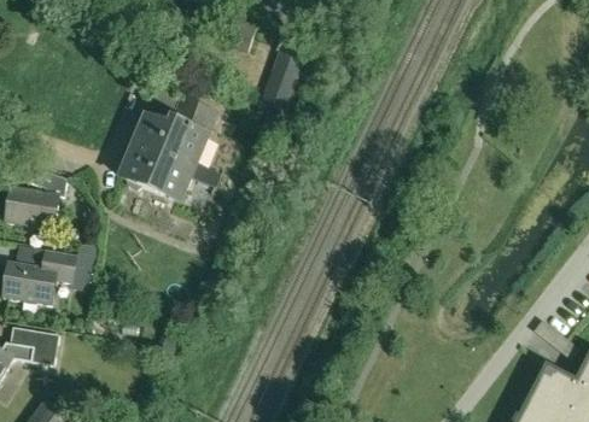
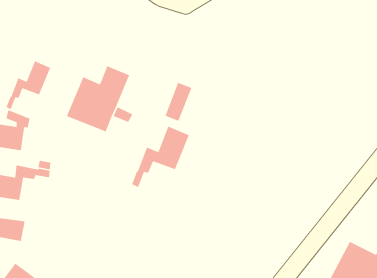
building: [261,53,303,113] -> [164,82,193,122]
building: none -> [6,60,51,110]
building: none -> [131,125,190,188]

